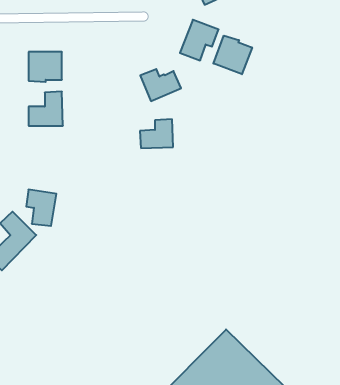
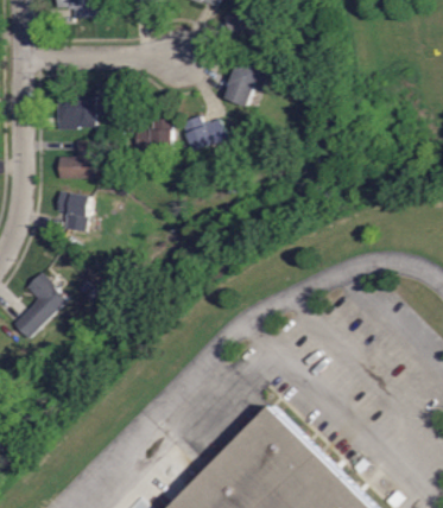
building: [213,36,252,74] -> none
building: [140,119,173,148] -> [133,118,170,150]
building: [26,190,56,226] -> [55,191,88,231]

